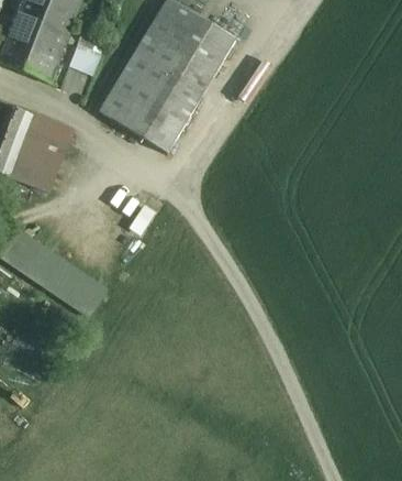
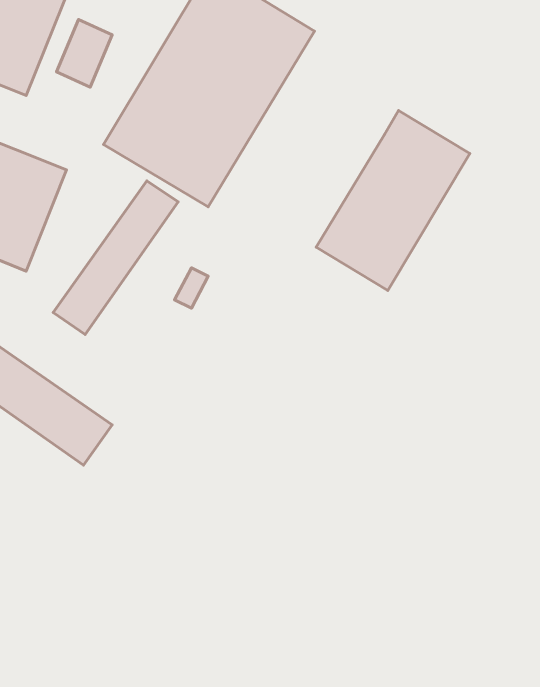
building: none -> [316,110,470,290]
building: none -> [53,181,178,335]

